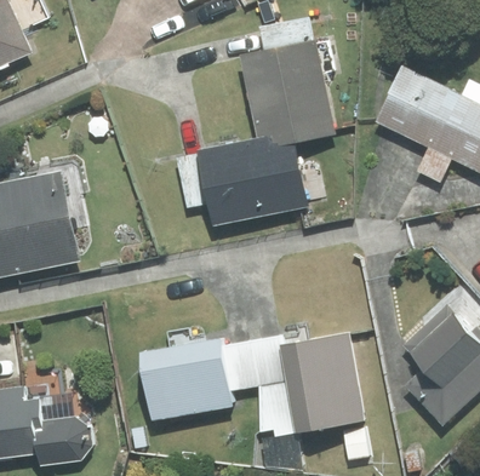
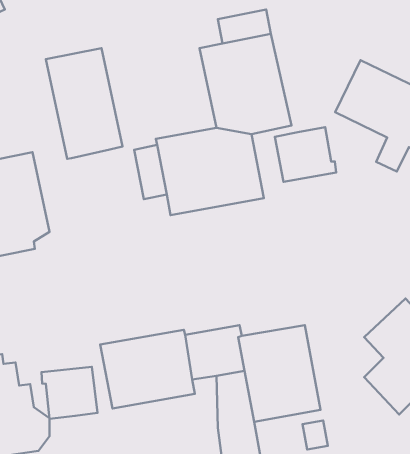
building: none -> [46,48,122,159]
building: none -> [275,127,336,182]
building: none -> [41,367,98,419]

